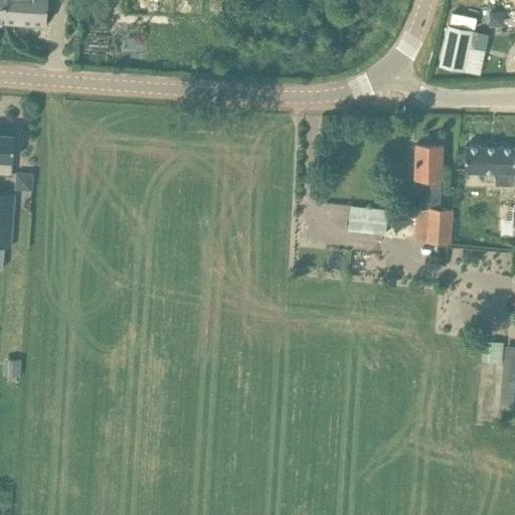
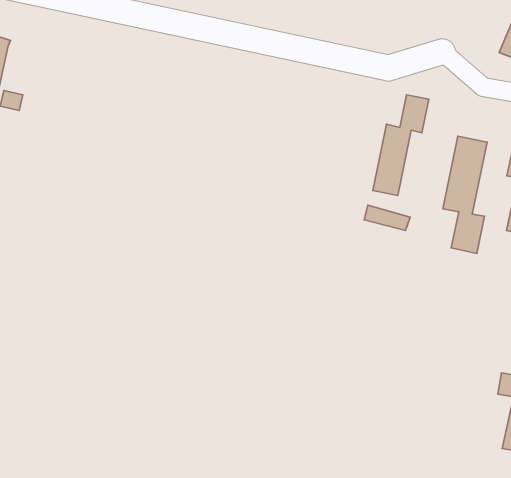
building: none -> [373,95,429,195]

